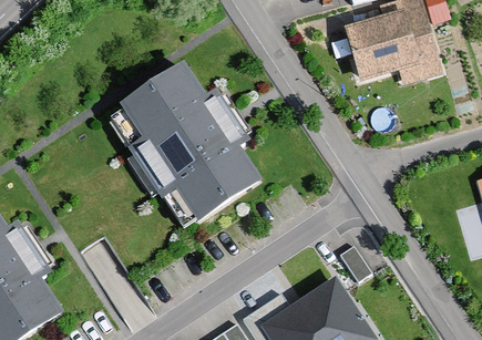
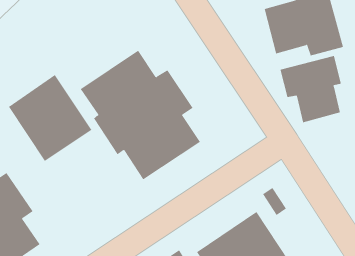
building: none -> [280,55,342,123]
building: none -> [8,74,92,162]

